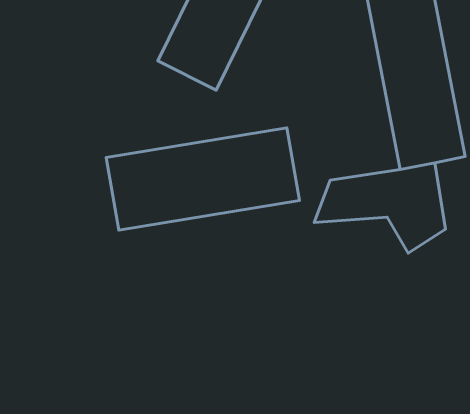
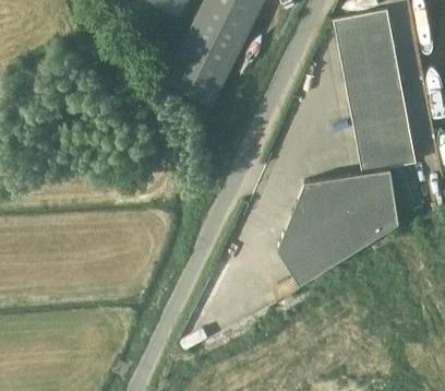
building: [106,128,299,230] -> none
building: none -> [278,212,370,285]

